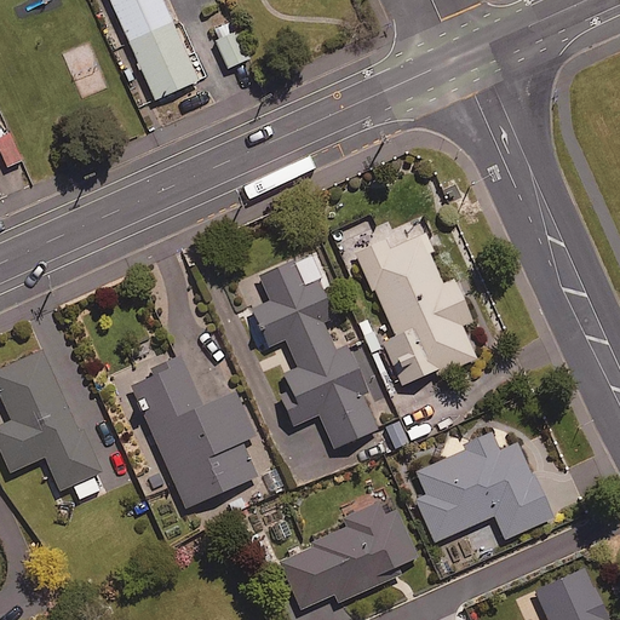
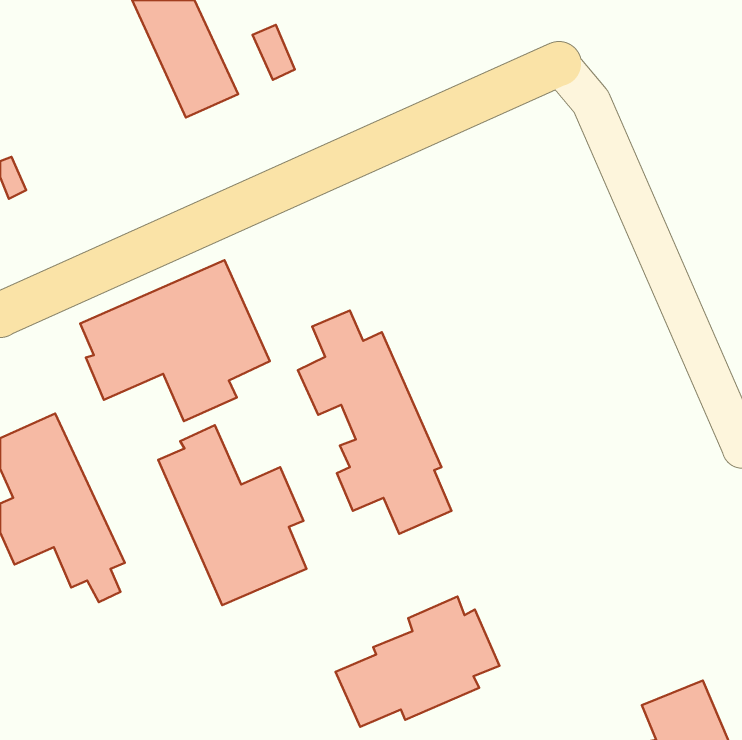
building: none -> [80,260,270,421]
building: [355,219,478,384] -> none
building: [415,431,553,541] -> none

